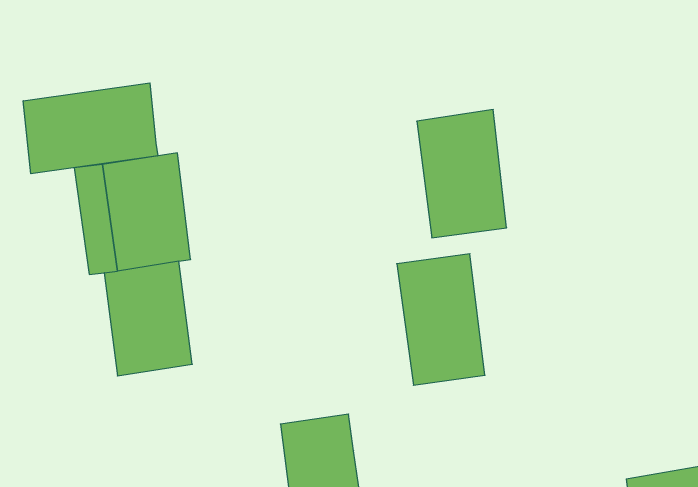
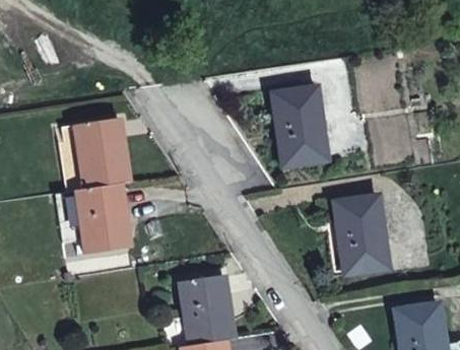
building: [23,83,158,174] -> none
building: [397,254,485,385] -> [334,197,388,277]

